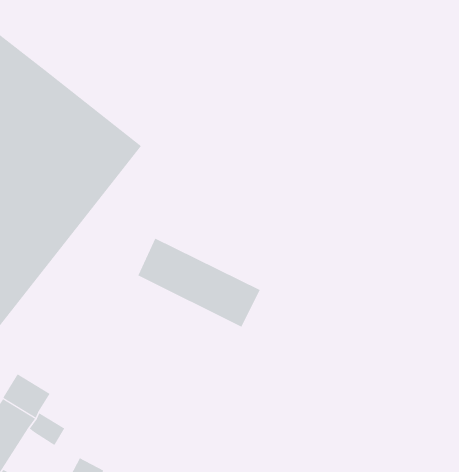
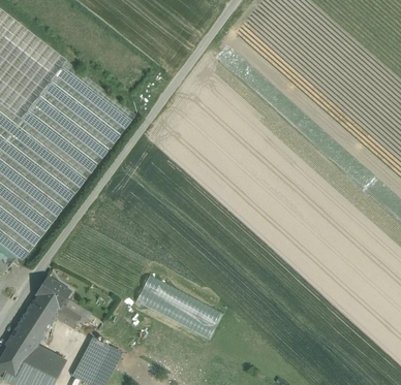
building: [137,238,261,328] -> [135,275,223,339]

